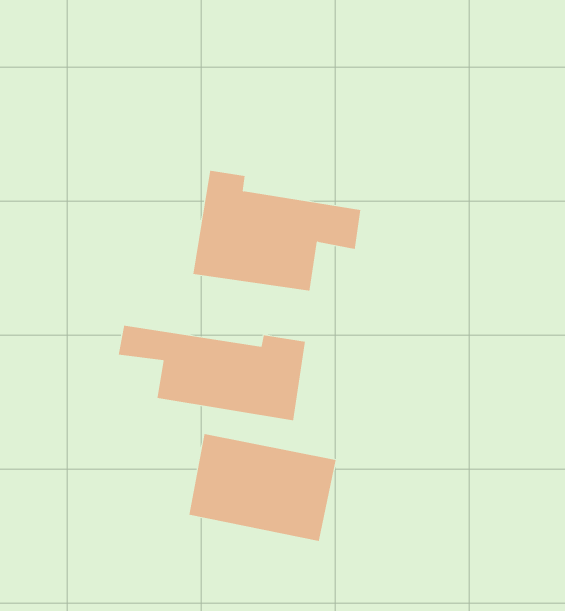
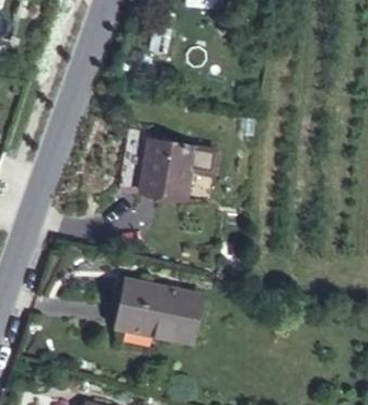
building: [118,325,305,421] -> none

